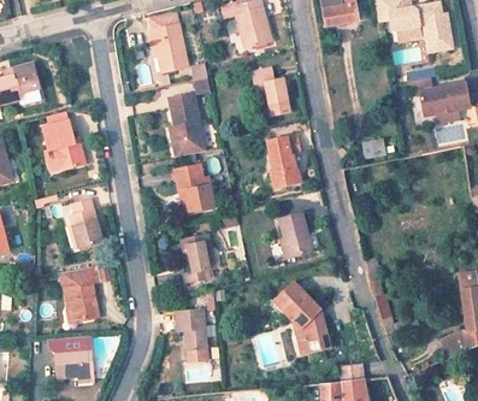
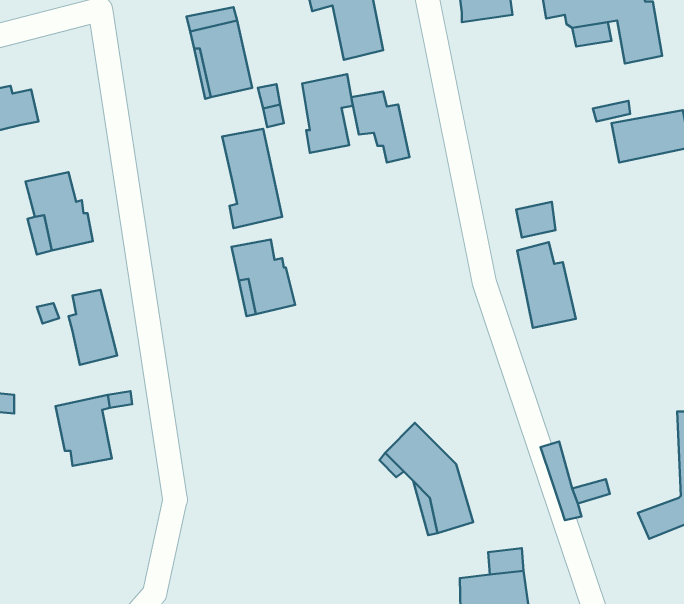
building: [267,136,300,187] -> [302,74,353,153]
building: none -> [517,242,576,328]
building: [281,216,312,258] -> none
building: [172,235,208,285] -> none
building: [178,309,208,362] -> none
building: [48,336,92,379] -> none

